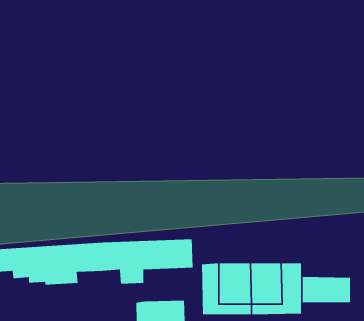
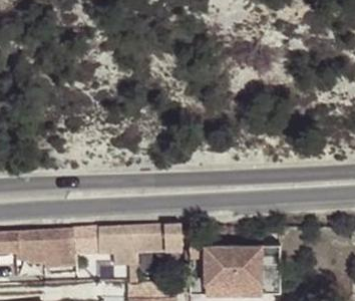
building: [302,276,351,303] -> none

